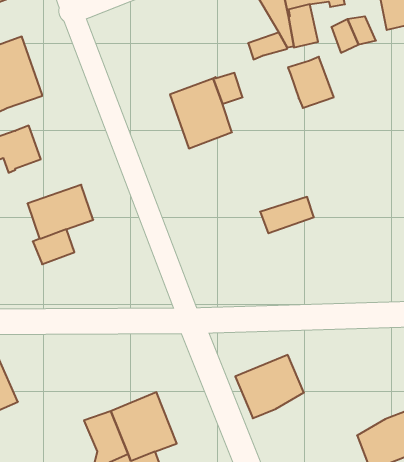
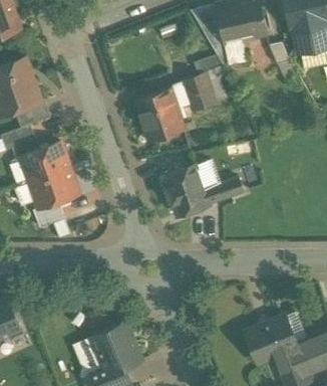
building: [288,57,334,108] -> [183,72,217,111]
building: none -> [15,100,51,129]
building: none -> [21,142,70,183]
building: none -> [164,165,210,216]
building: [235,355,304,418] -> [246,316,297,363]

